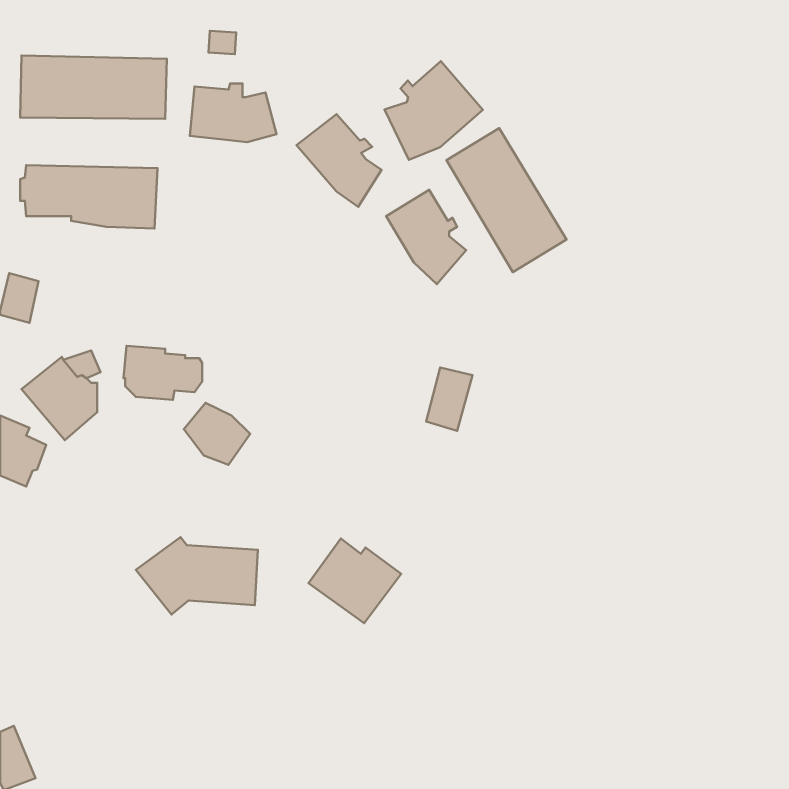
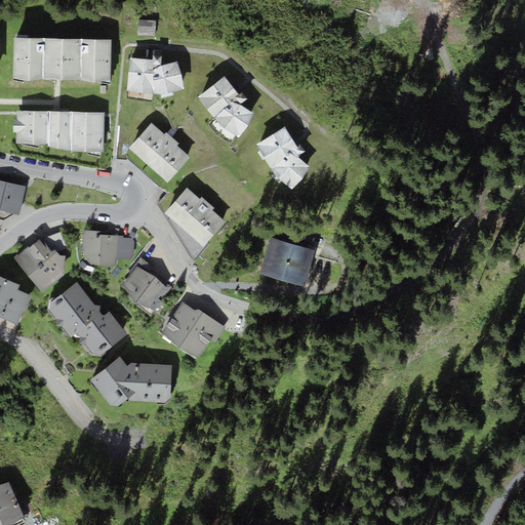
building: [384,61,483,160] -> none
building: [447,128,567,272] -> none
building: none -> [128,121,191,181]
building: none -> [165,188,225,246]
building: none -> [260,238,292,280]
building: none -> [49,281,127,356]
building: [308,538,401,623] -> [161,302,223,359]

